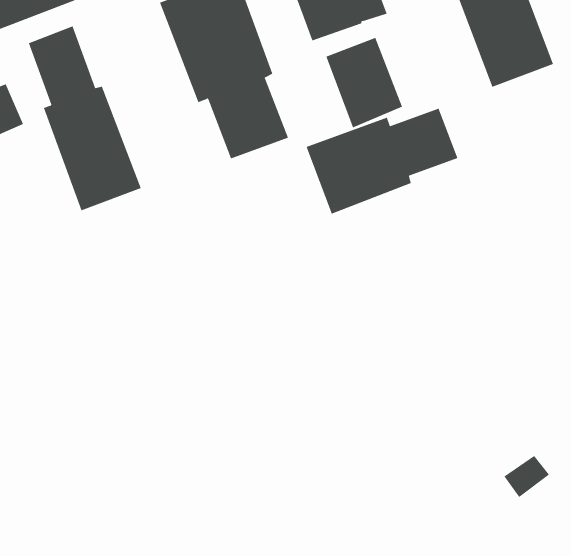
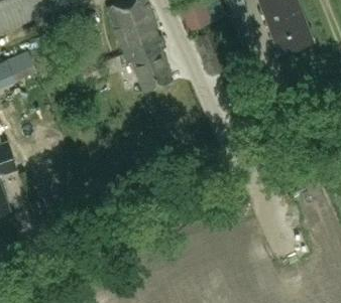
building: [28,25,141,211] -> none
building: [306,108,458,214] -> none

